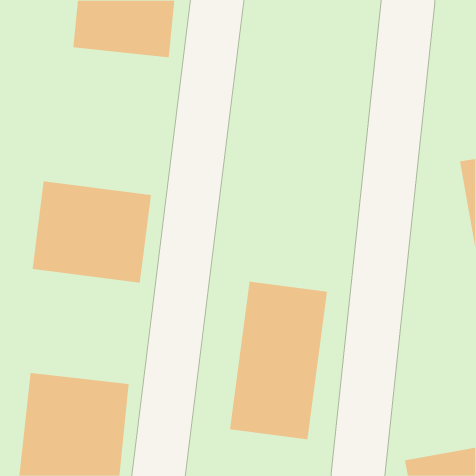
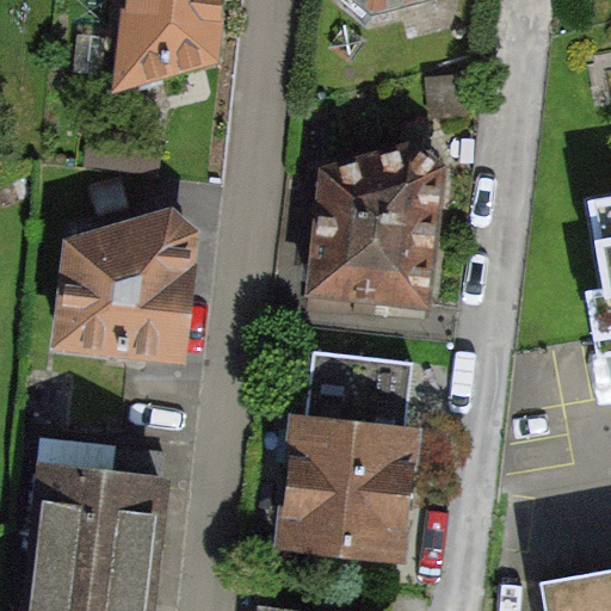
building: none -> [309,155,442,304]

